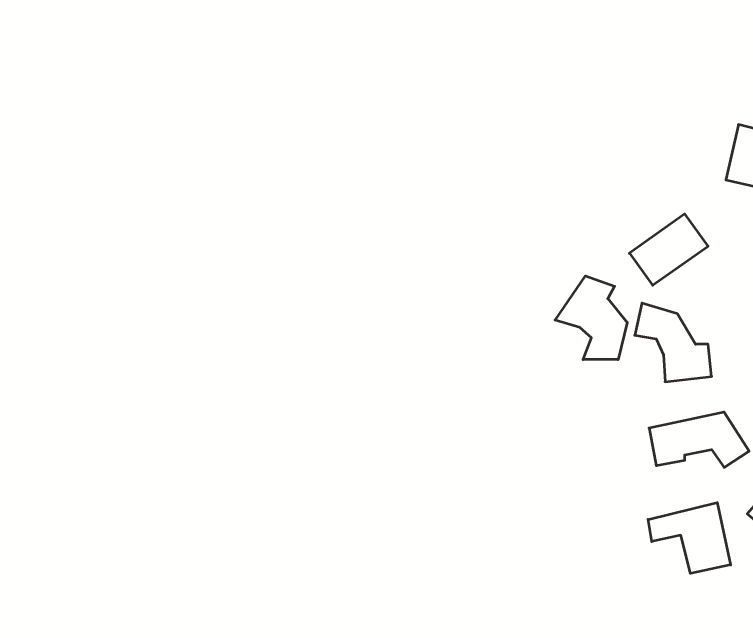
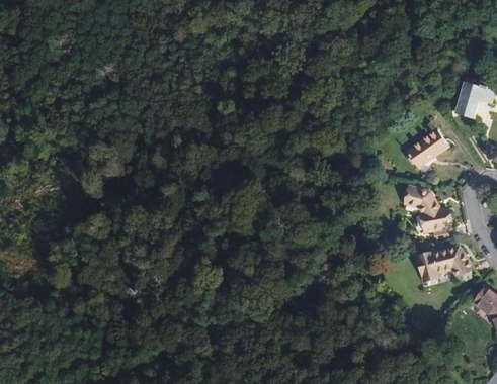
building: [555,276,627,360] -> none
building: [648,503,731,573] -> none

